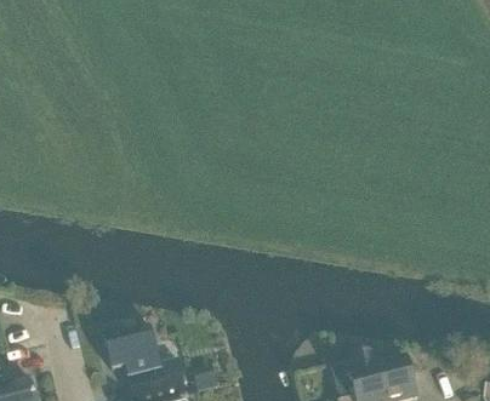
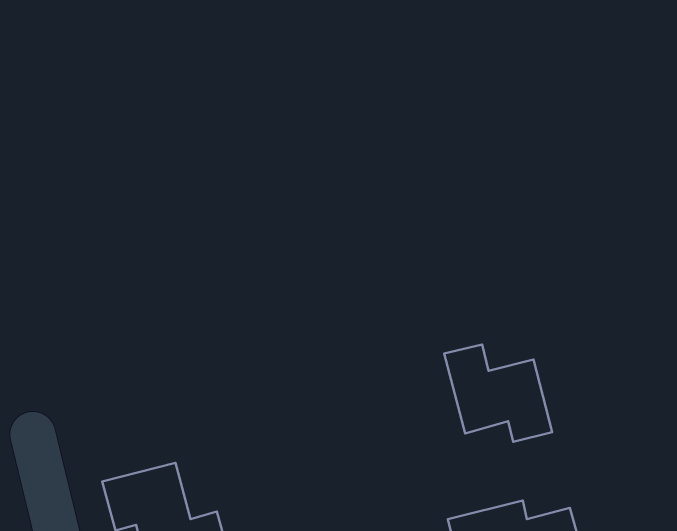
building: none -> [444,344,552,442]

